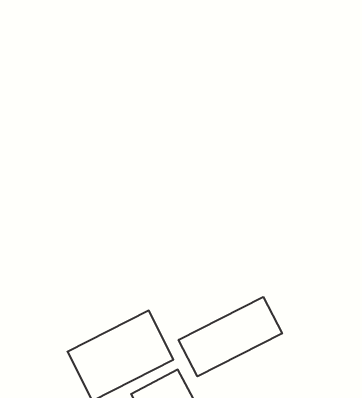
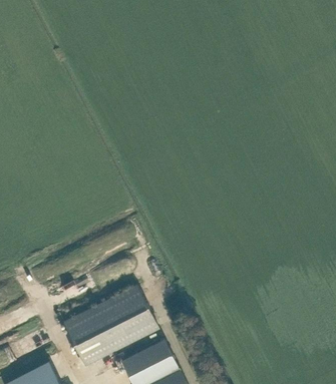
building: [179,297,282,376] -> none

